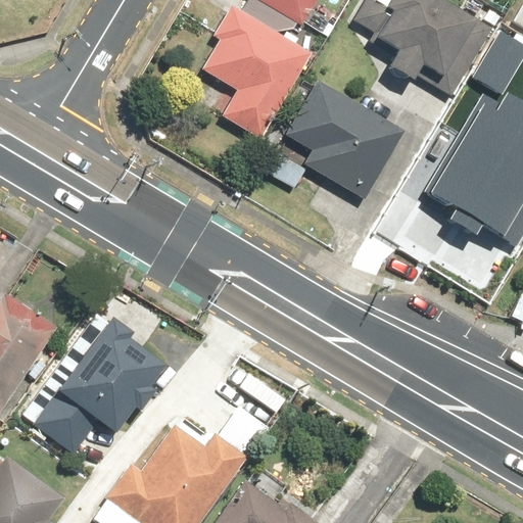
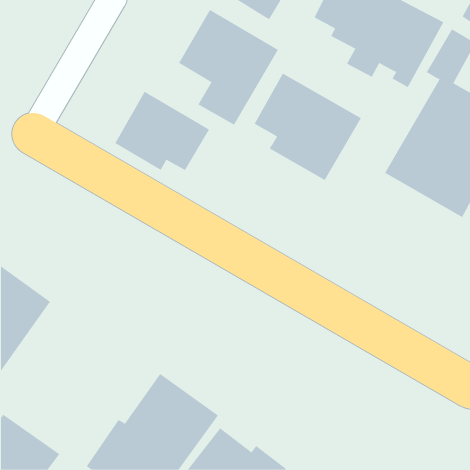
building: none -> [115,91,210,171]
building: [30,320,169,456] -> none

